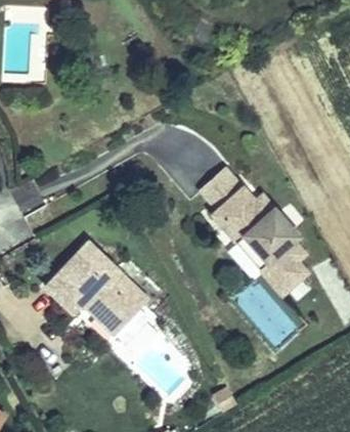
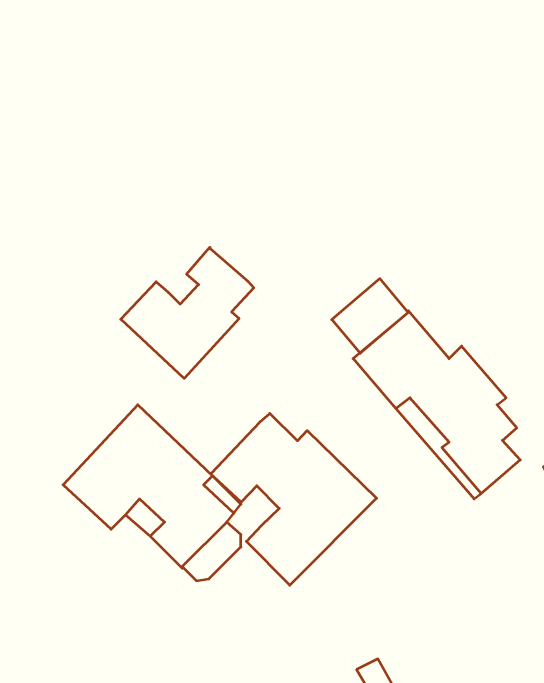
building: none -> [121,247,254,378]
building: none -> [210,413,377,585]

